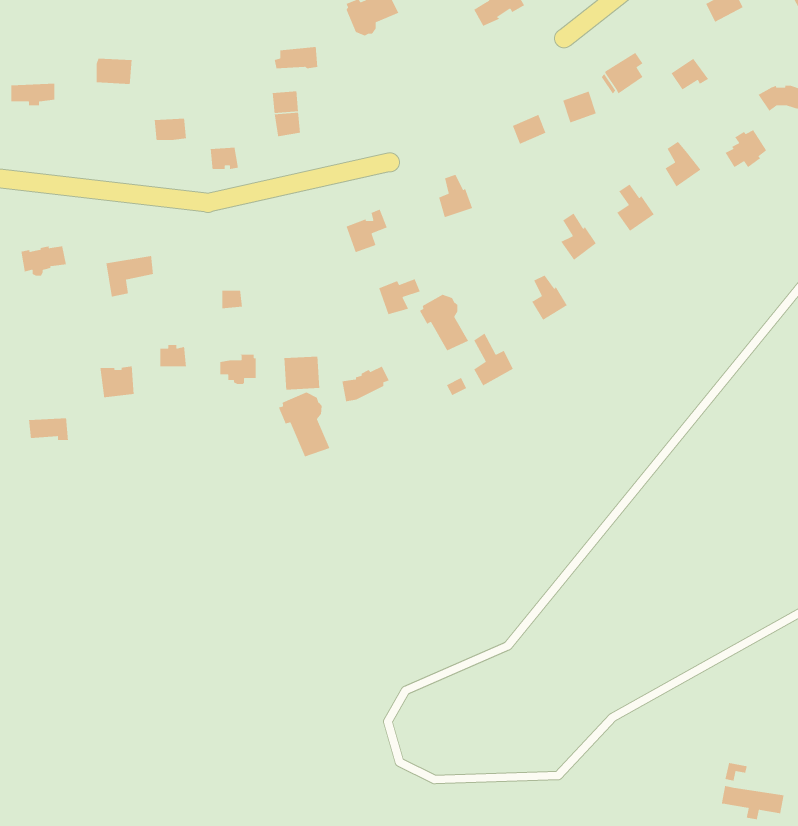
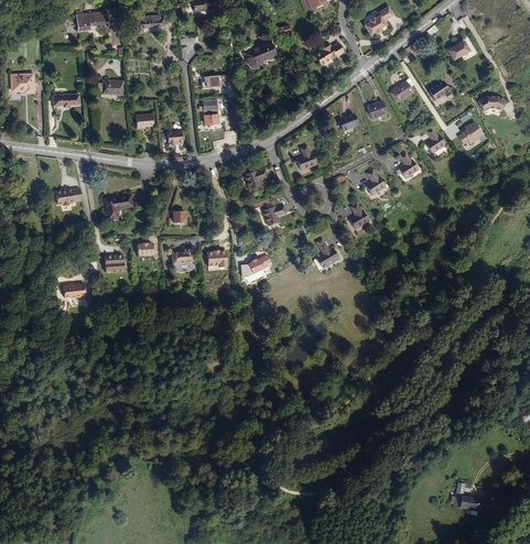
building: [419,294,469,352] -> none
building: [278,391,331,458] -> none

